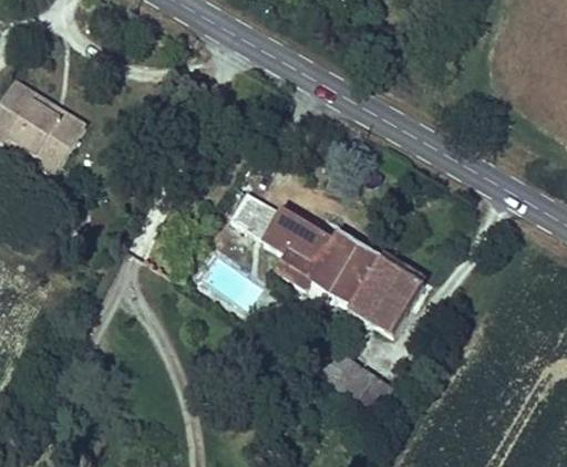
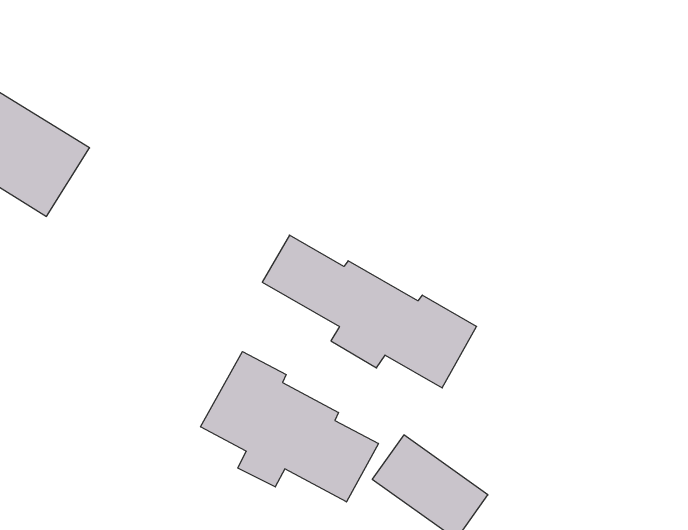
building: [357,260,427,339] -> none
building: none -> [201,352,378,502]

